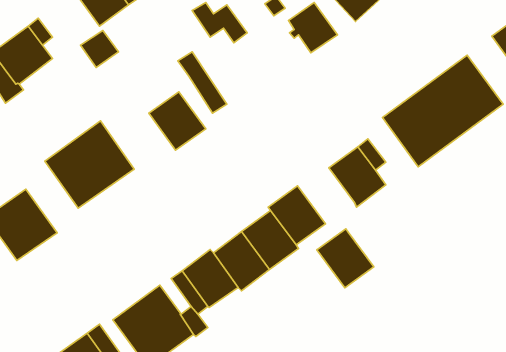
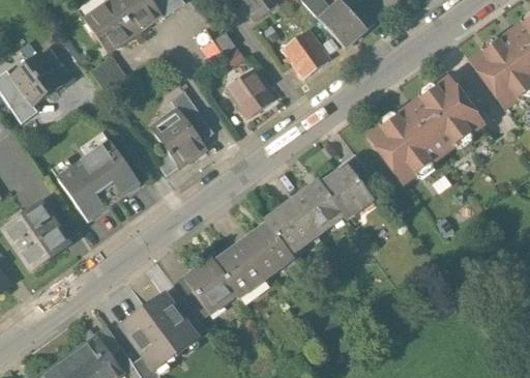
building: none -> [227,69,272,116]
building: [317,229,374,288] -> [291,180,344,235]

